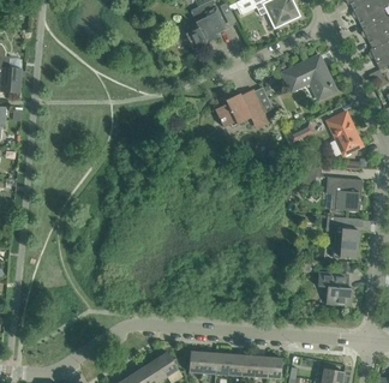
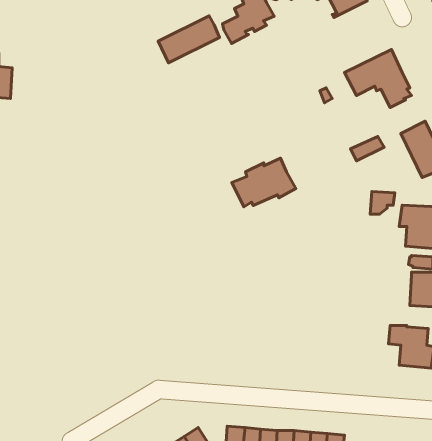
building: none -> [158,16,219,63]
building: [215,89,265,127] -> [232,158,296,207]

